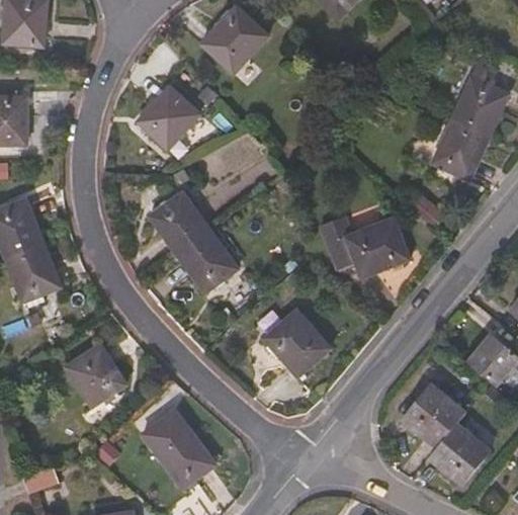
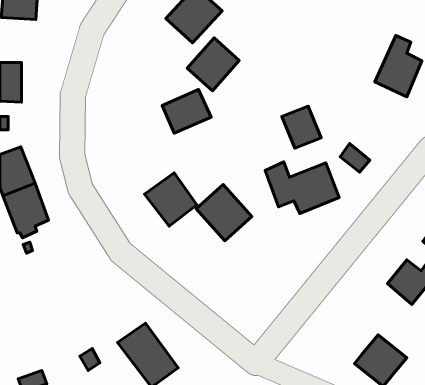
building: [138,85,200,149] -> [187,38,239,91]
building: [432,119,490,180] -> none
building: none -> [282,106,321,148]
building: [148,191,210,254] -> none
building: [263,309,330,376] -> [196,184,252,241]
building: [65,344,125,406] -> none
building: [401,382,464,447] -> none

